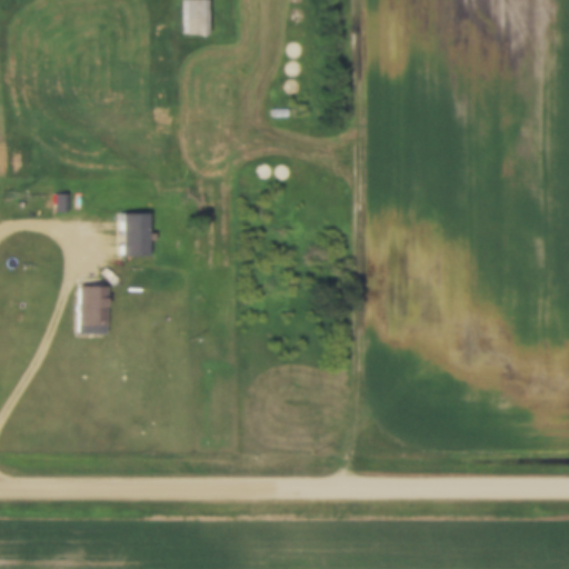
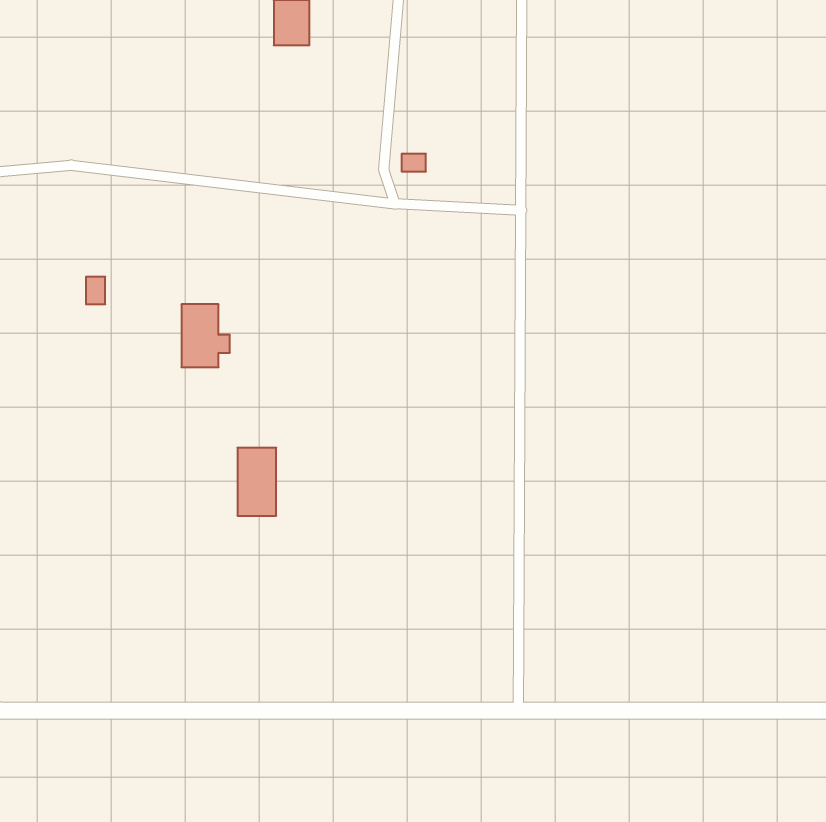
building: [81,287,108,333] -> [237,448,276,516]

